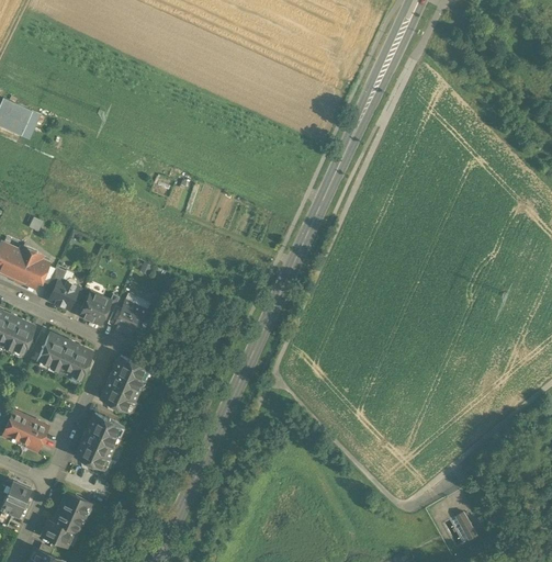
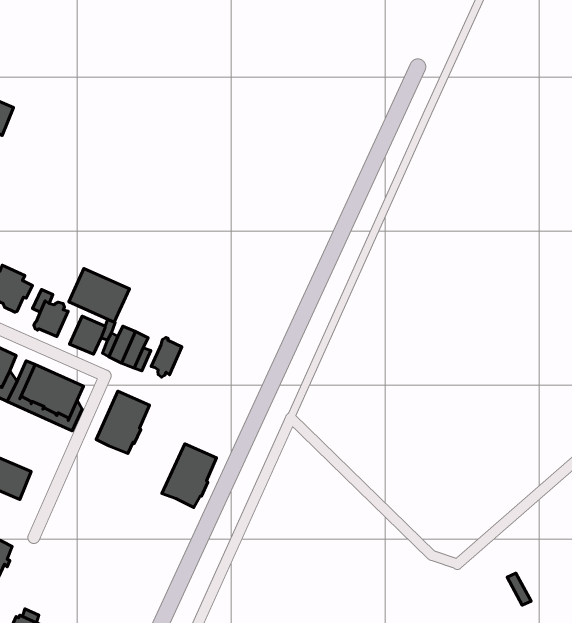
building: none -> [69,268,130,322]
building: none -> [151,338,182,377]
building: [77,413,124,468] -> [162,444,217,508]
building: [42,492,91,547] -> none

